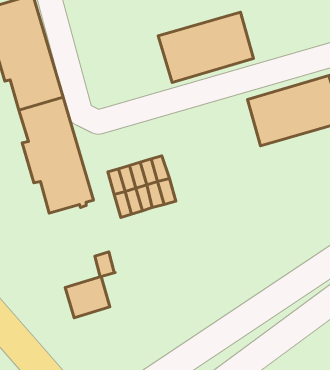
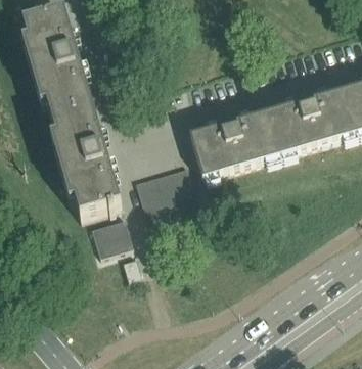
building: [158,12,253,82] -> [188,108,278,175]
building: [65,277,110,318] -> [90,214,132,252]

